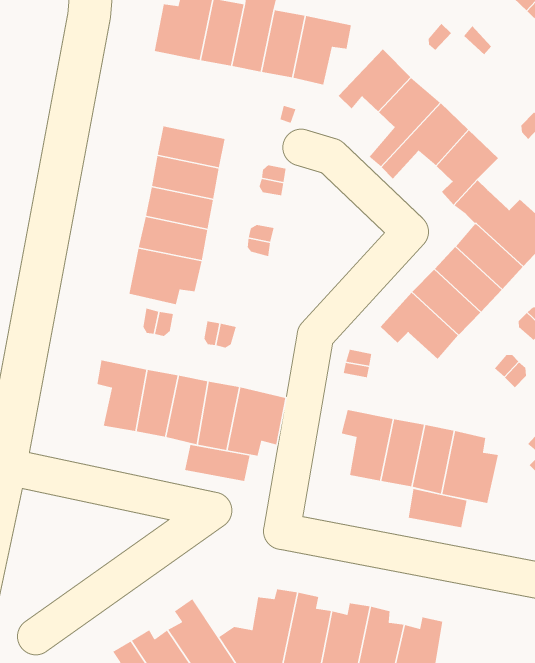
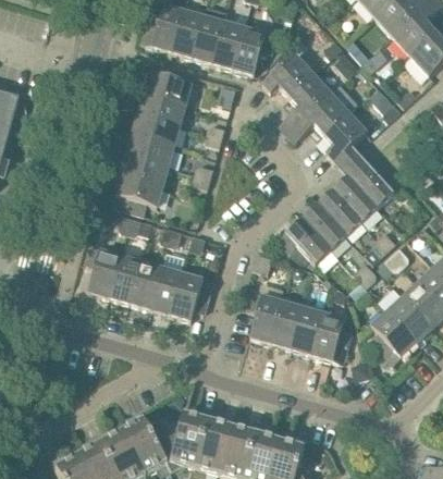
building: none -> [144,65,195,106]
building: [184,444,250,482] -> none
building: [408,488,467,528] -> none

